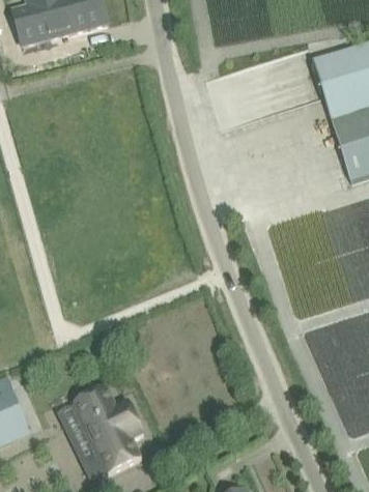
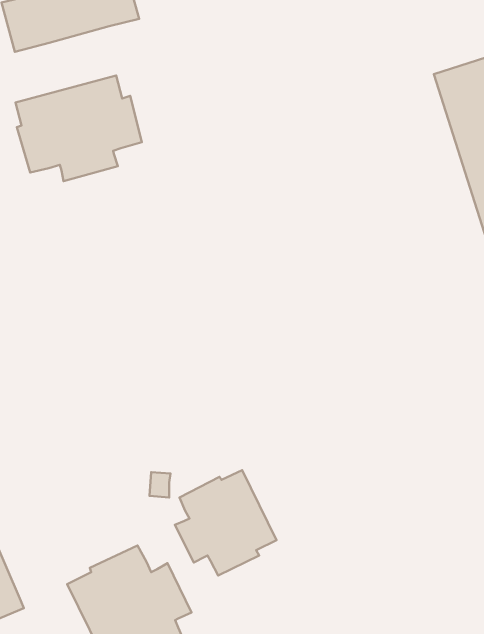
building: none -> [15,76,142,181]
building: none -> [175,470,277,575]

